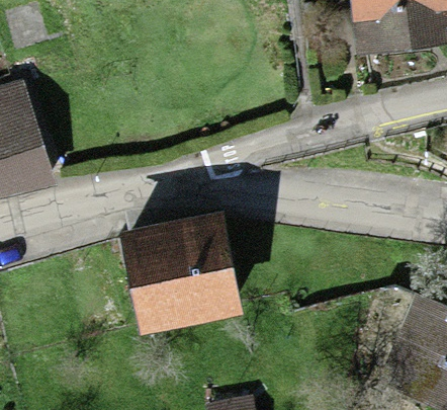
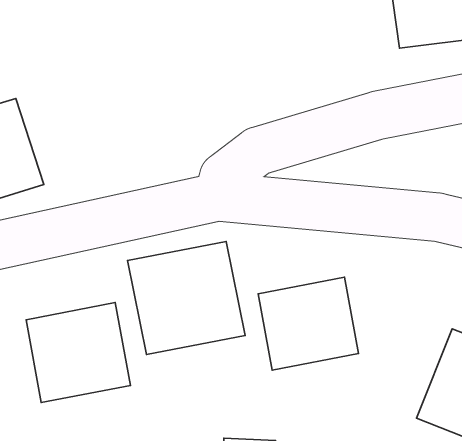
building: none -> [258,277,358,370]
building: none -> [26,303,130,403]

